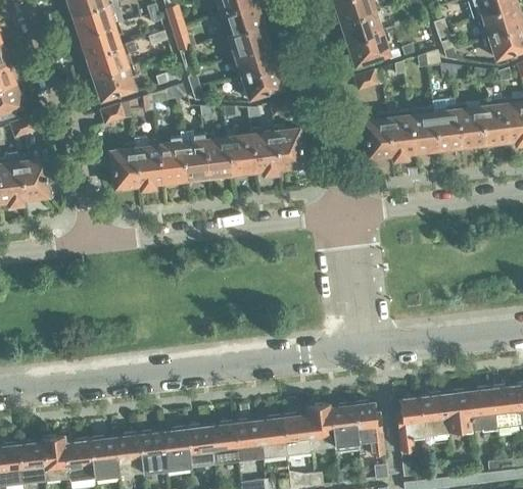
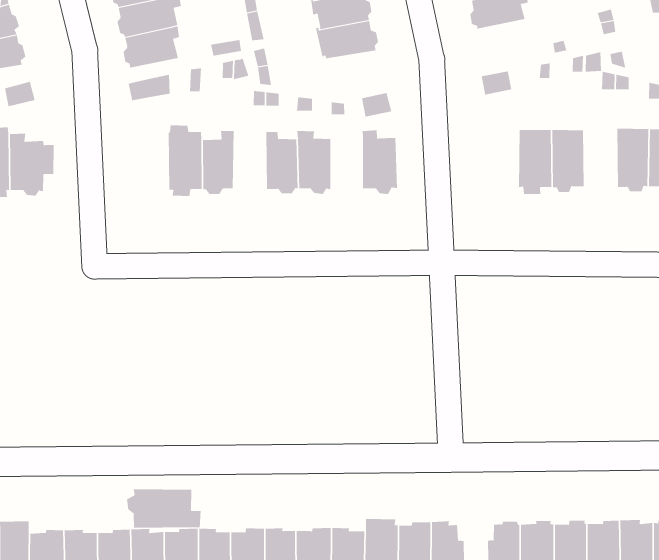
building: [347,32,390,66] -> none
building: [238,67,284,100] -> none
building: [432,99,462,152] -> none
building: [363,113,390,160] -> none
building: [250,128,278,176] -> none
building: [181,131,208,182] -> none
building: [110,143,138,191] -> none
building: none -> [126,488,201,529]

